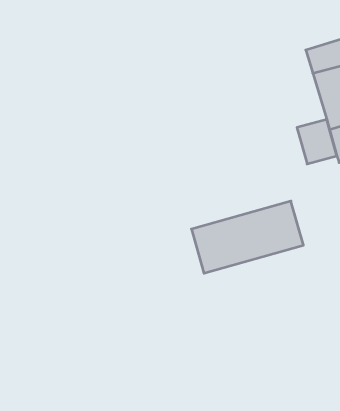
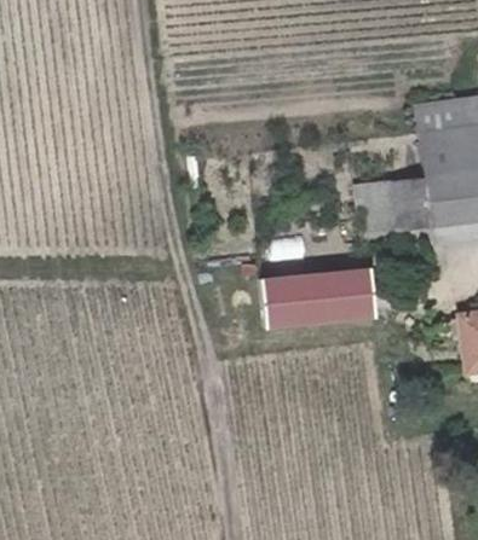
building: none -> [358,188,396,232]

